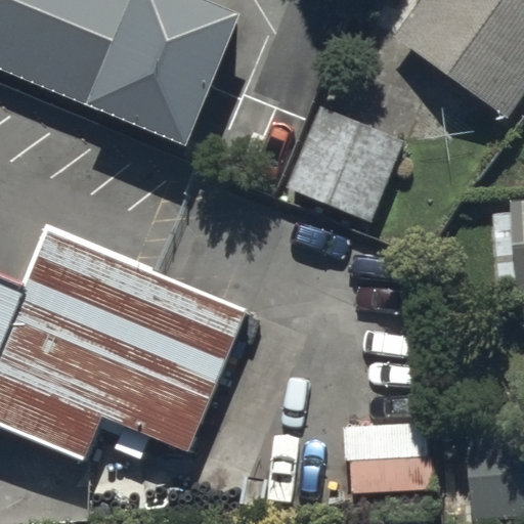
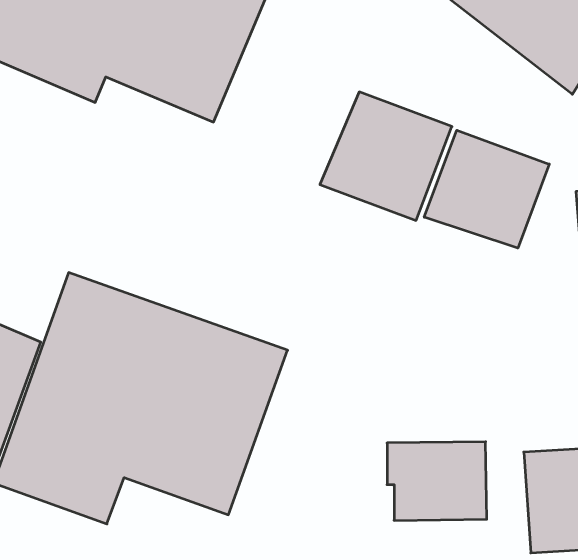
building: none -> [424,130,549,248]

